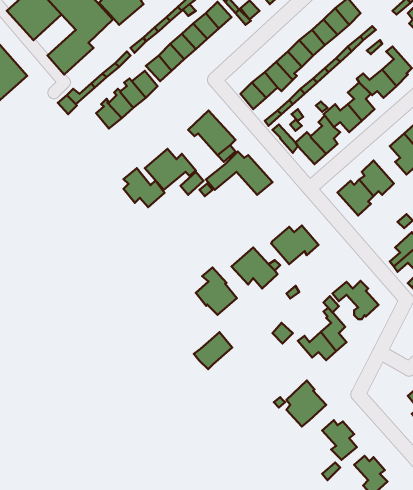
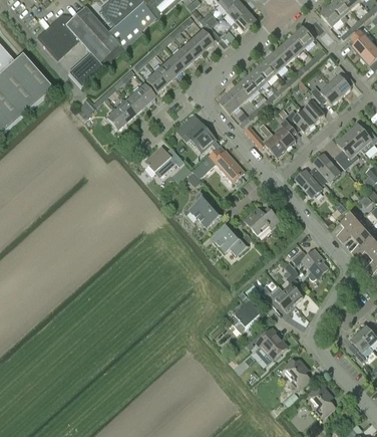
building: [123,168,165,207] -> none
building: [196,267,237,315] -> [190,189,222,226]
building: [194,332,232,369] -> [230,301,260,331]

